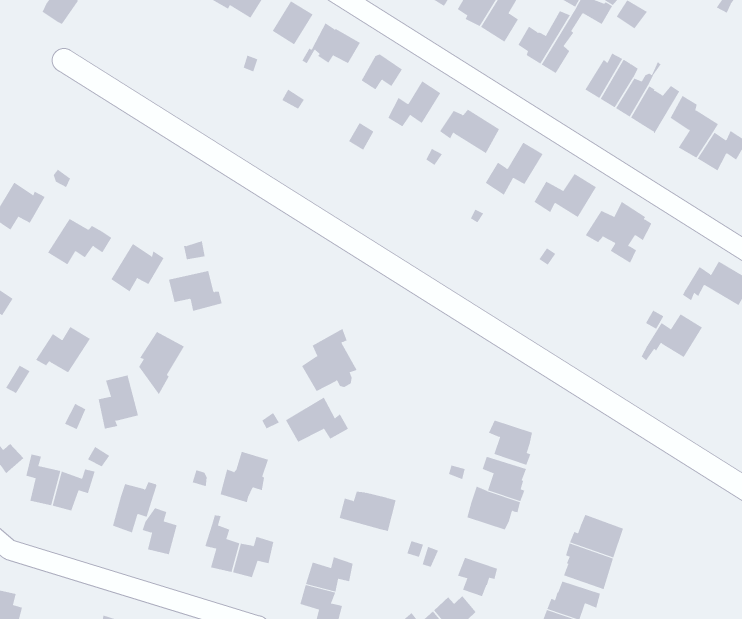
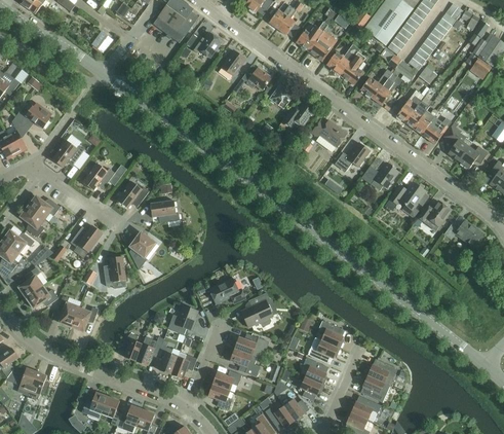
building: [641,313,703,361] -> [415,201,452,226]
building: [301,328,357,392] -> [241,291,273,326]
building: [488,420,533,465] -> [303,357,328,385]
building: [112,481,157,533] -> [137,336,164,365]
building: none -> [230,348,261,376]

